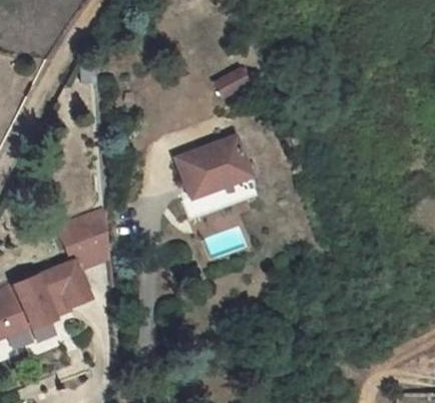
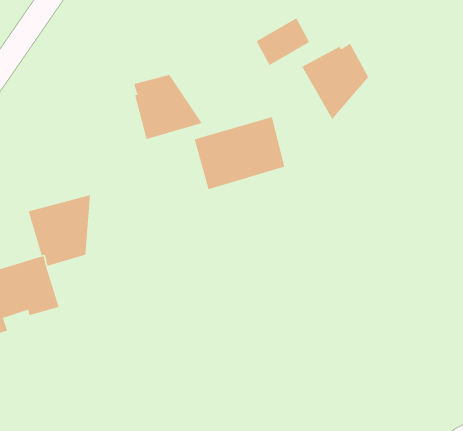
building: none -> [301,43,369,120]
building: none -> [134,74,203,140]

